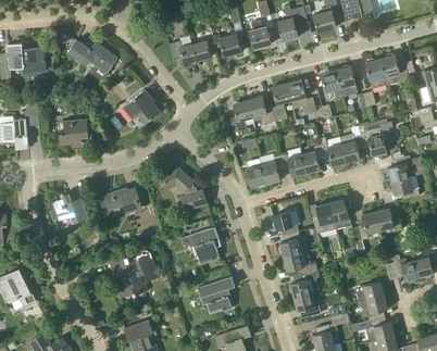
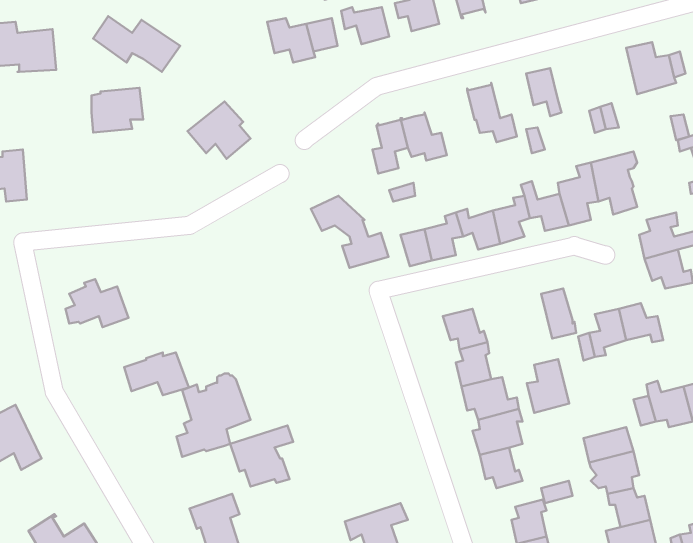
building: [365,59,387,89] -> none
building: [336,66,358,97] -> none
building: [272,84,291,122] -> none
building: [59,120,89,146] -> [91,88,143,132]
building: [162,168,208,211] -> [311,196,388,268]
building: [104,188,142,213] -> [124,352,189,395]
building: [312,203,337,235] -> [527,359,569,413]
building: [190,227,220,264] -> none
building: [198,277,235,313] -> [230,425,293,486]

